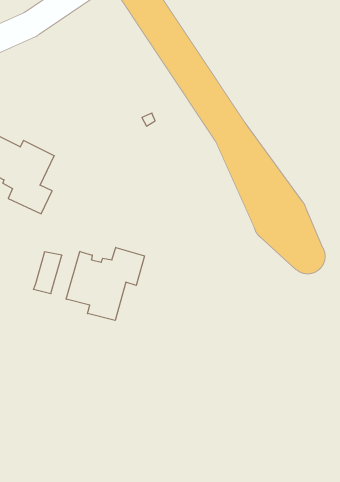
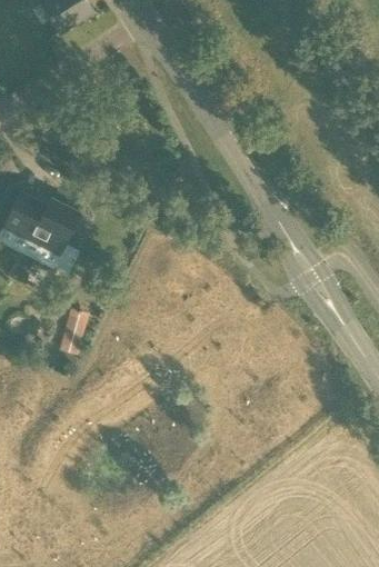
building: [66,247,145,320] -> none

